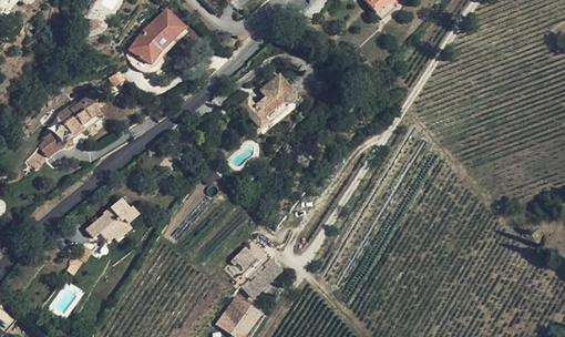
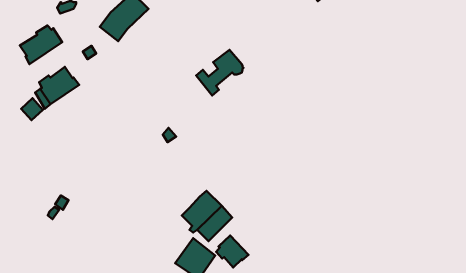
building: none -> [20,25,62,64]
building: [84,197,136,241] -> none
building: none -> [216,236,249,268]

